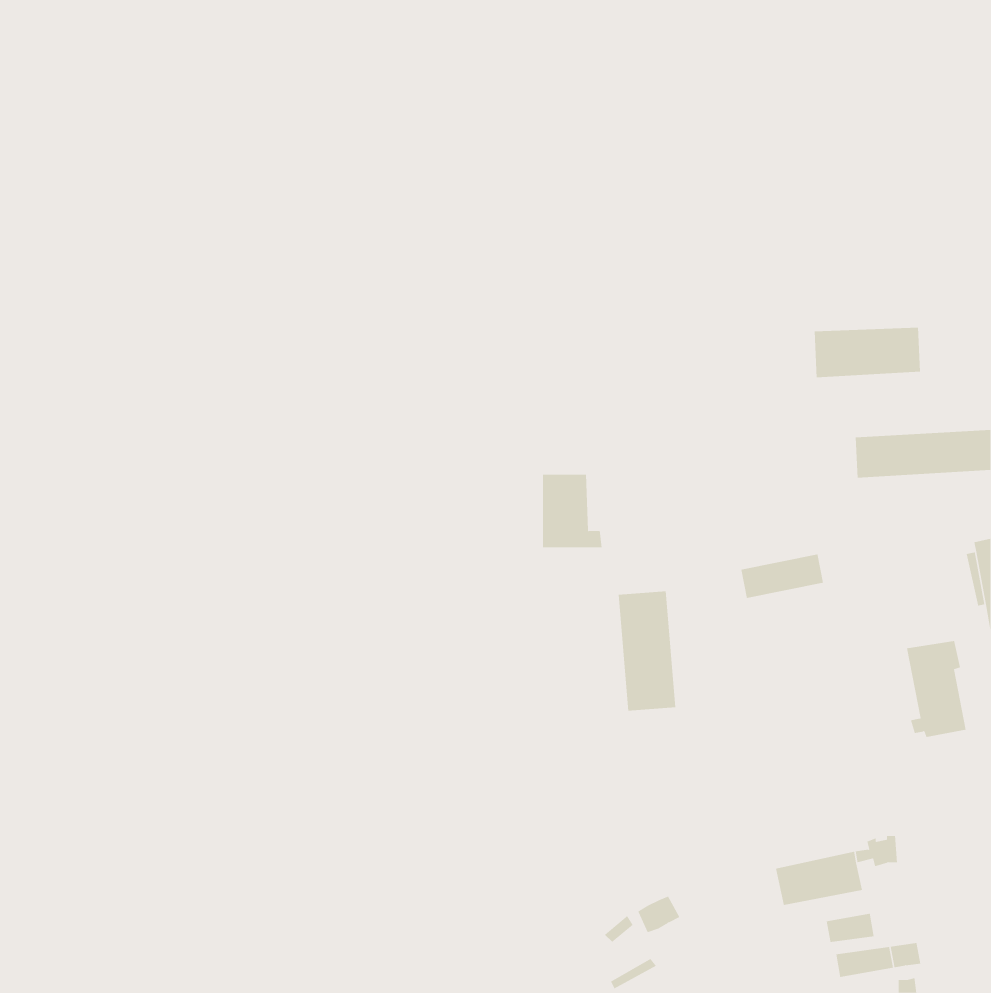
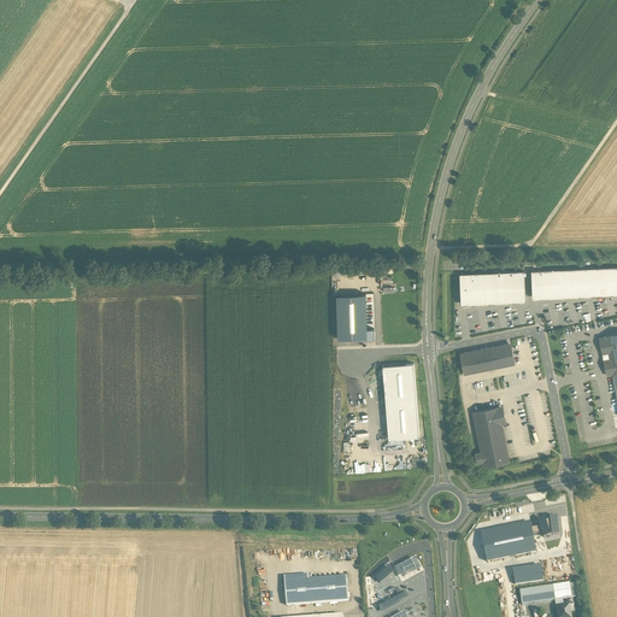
building: [814,327,921,378] -> [458,271,524,302]
building: [906,640,967,738] -> [471,406,509,466]
building: none -> [283,577,348,606]

